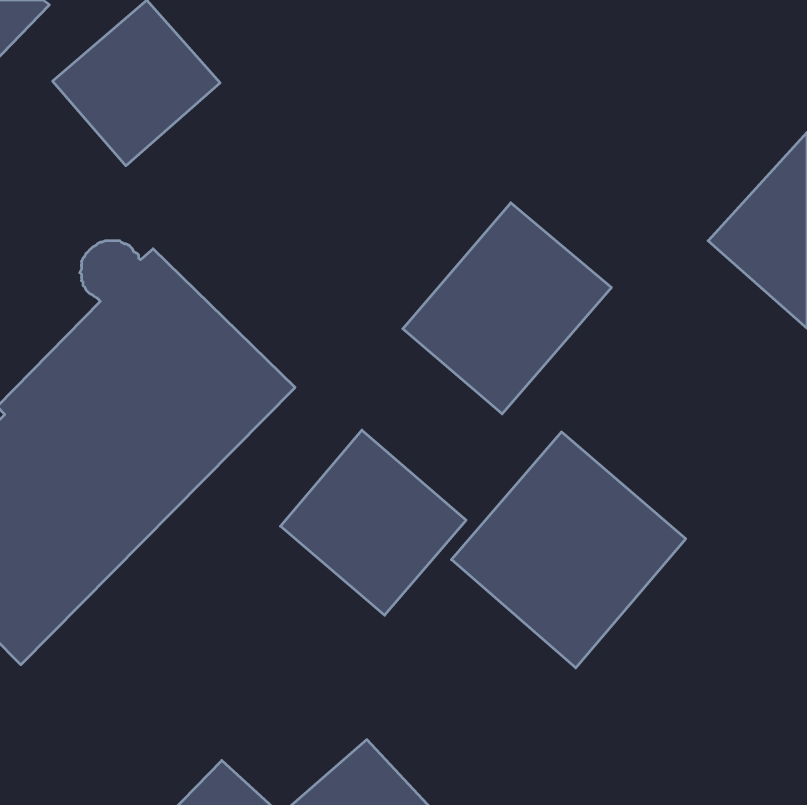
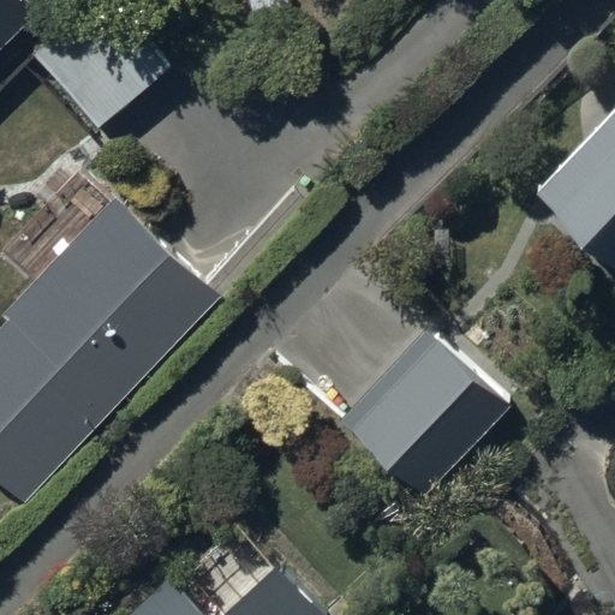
building: [403,203,611,414] -> none
building: [280,430,466,615] -> none

